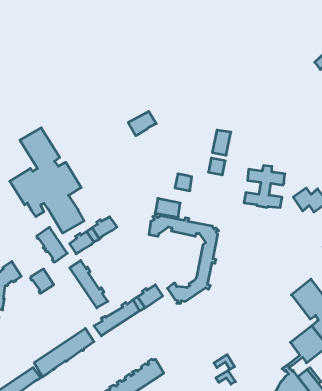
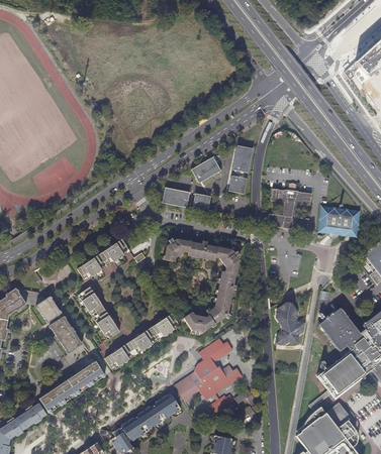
building: [128,111,156,136] -> [191,156,221,183]
building: [10,128,84,233] -> none
building: [155,198,180,217] -> [162,187,189,207]
building: [37,227,67,262] -> [49,316,82,353]
building: none -> [276,301,301,344]
building: none -> [174,338,242,413]

